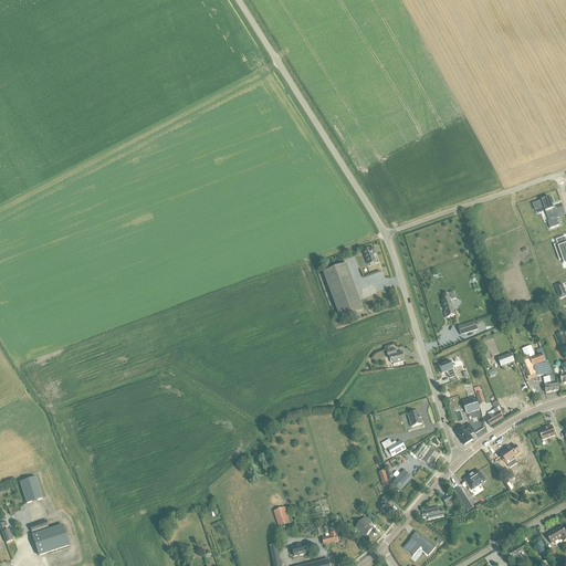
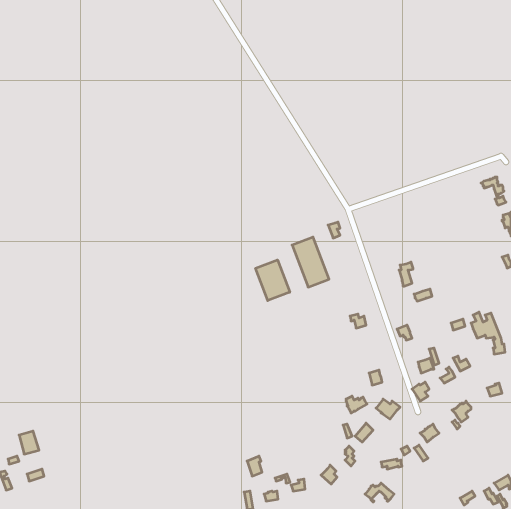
building: none -> [256,260,290,301]
building: [32,524,69,555] -> none

